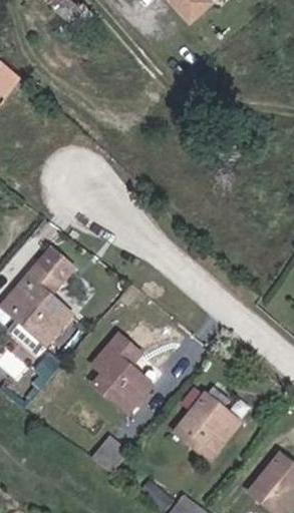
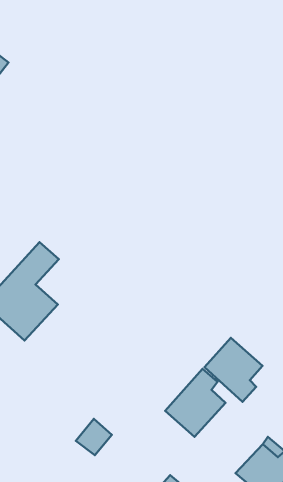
building: [93,335,151,412] -> none
building: none -> [205,338,262,402]

